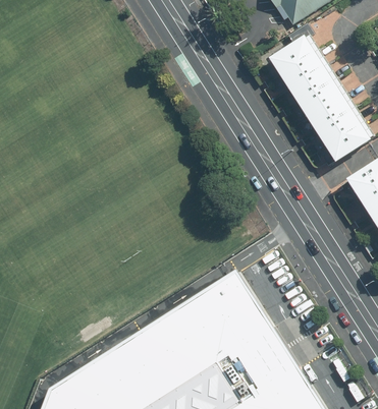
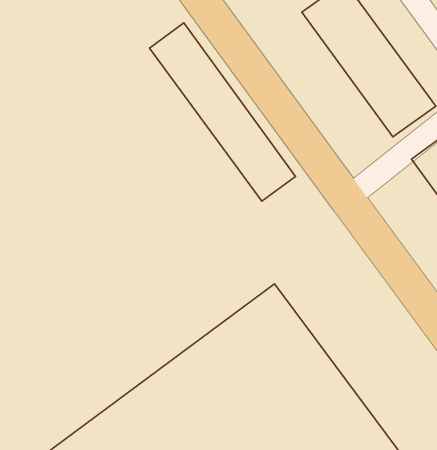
building: none -> [150,23,296,201]

